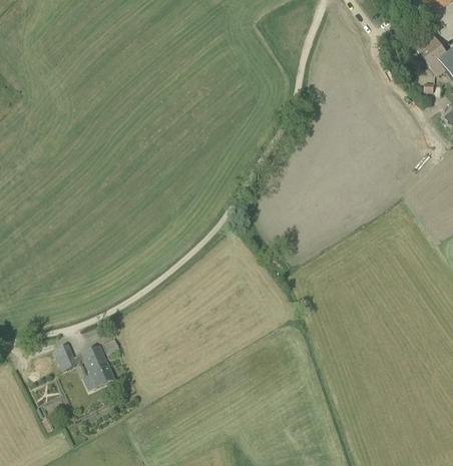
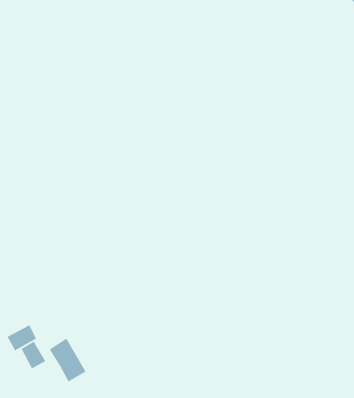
building: none -> [7,325,37,351]

